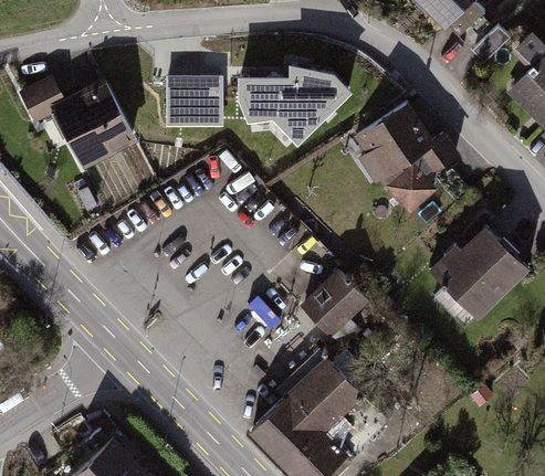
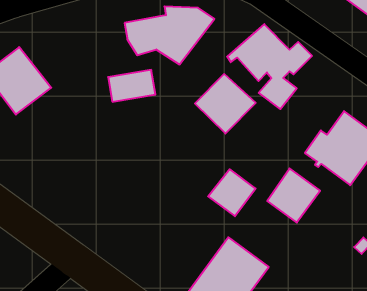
building: [166,76,220,107] -> [108,70,155,102]
building: none -> [195,74,256,134]
building: none -> [267,168,320,223]

